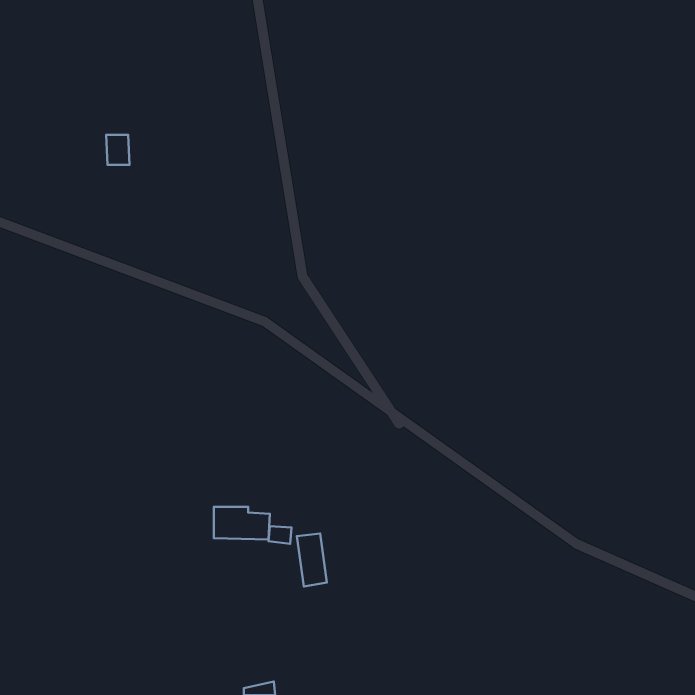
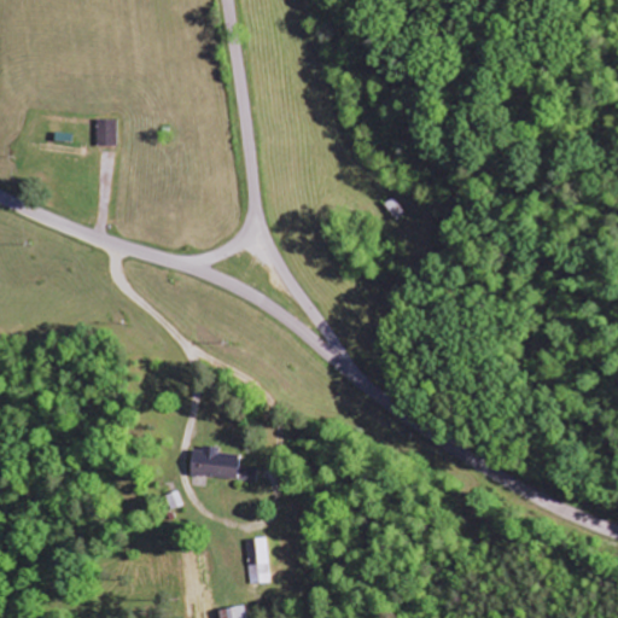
building: [297,533,327,587] -> [245,538,272,585]

